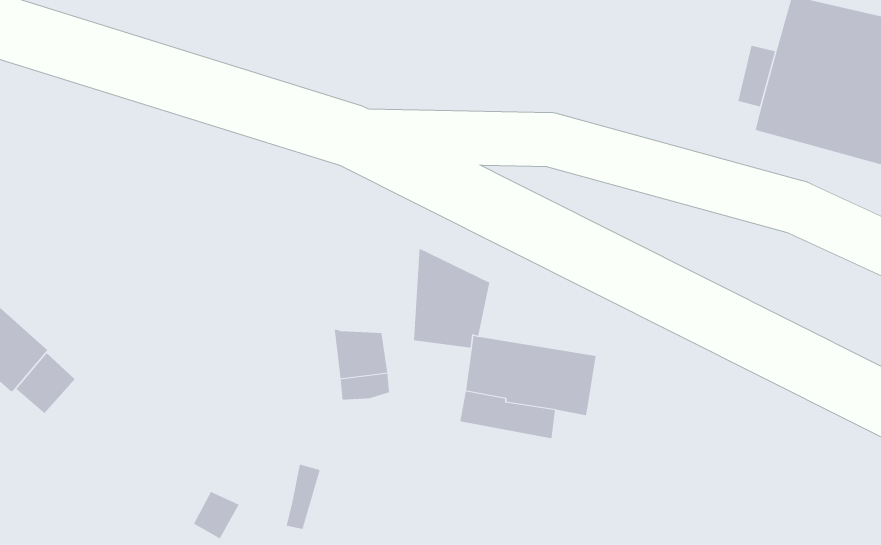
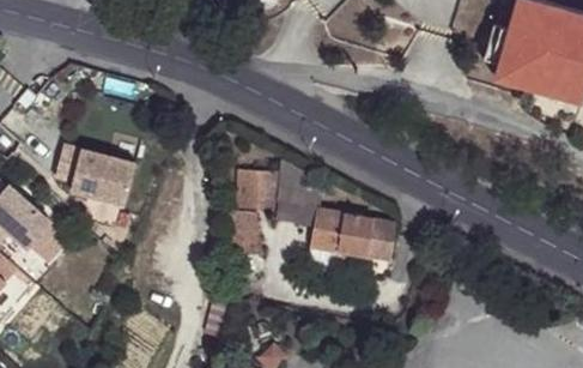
building: none -> [55,143,136,203]
building: none -> [235,168,278,211]

